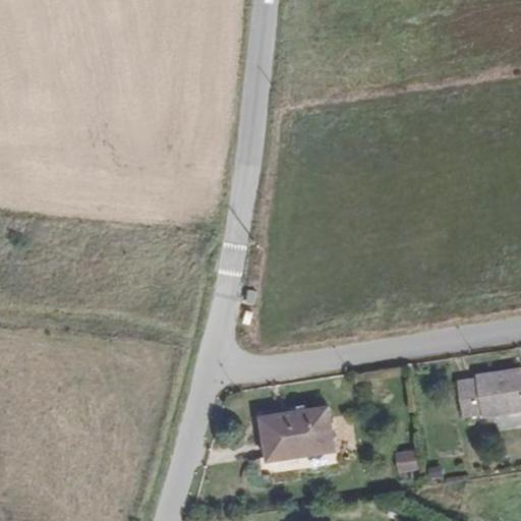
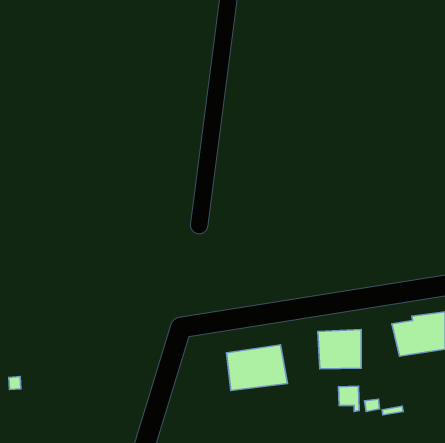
building: none -> [318,330,361,369]

